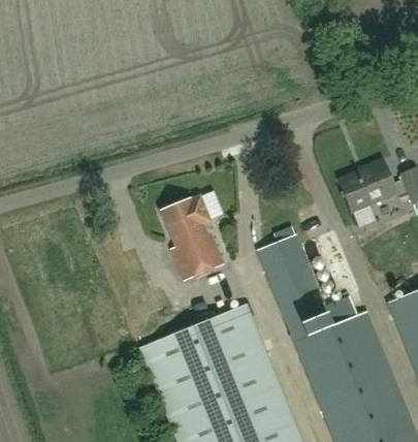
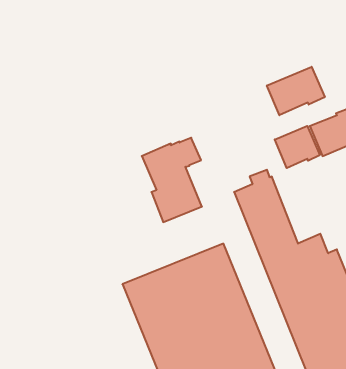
building: none -> [267,67,325,115]
building: none -> [275,126,320,168]

